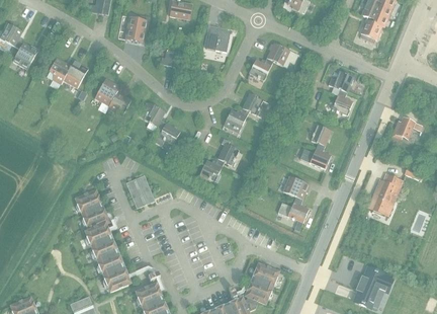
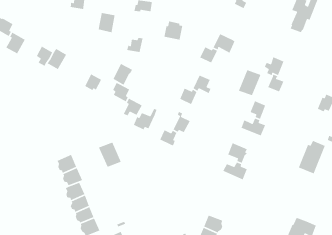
building: [95,77,120,105] -> [112,63,133,86]
building: none -> [238,69,262,96]
building: none -> [133,108,157,131]

